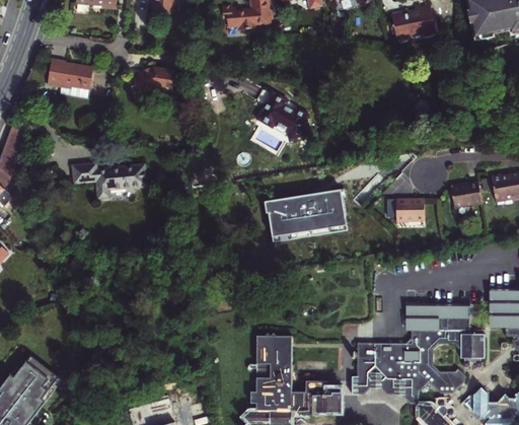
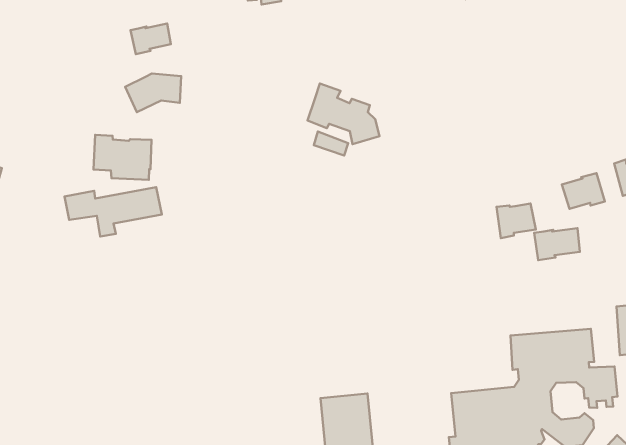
building: none -> [130,23,171,54]
building: [47,62,93,100] -> [93,135,151,180]
building: [262,186,345,239] -> none
building: none -> [534,228,580,260]

